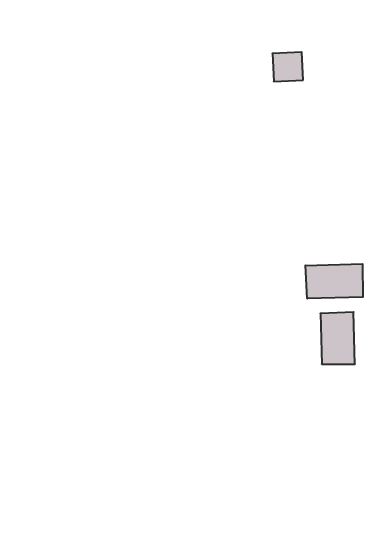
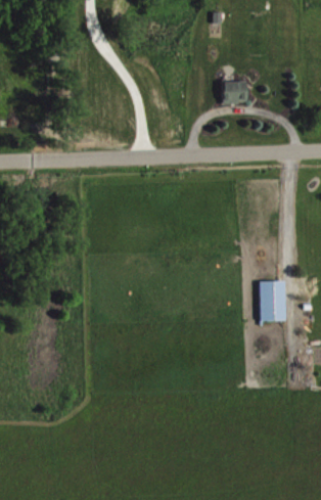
building: [305,264,363,299] -> none

